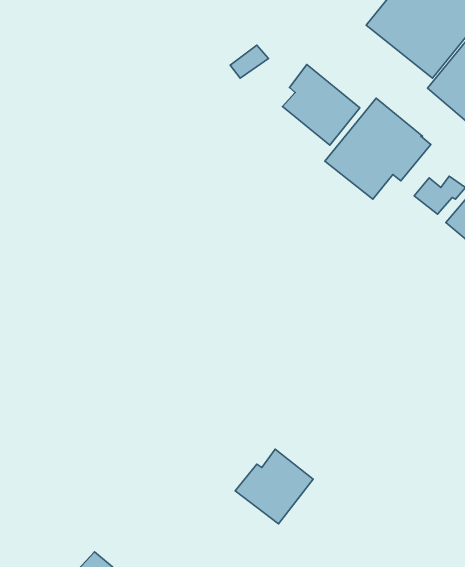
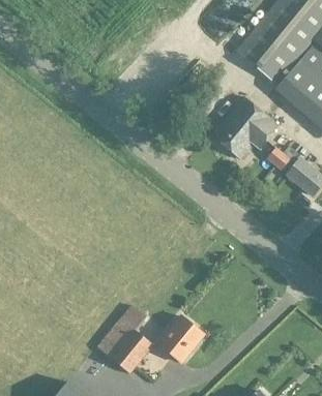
building: [282,64,360,145] -> none
building: none -> [98,304,154,372]

